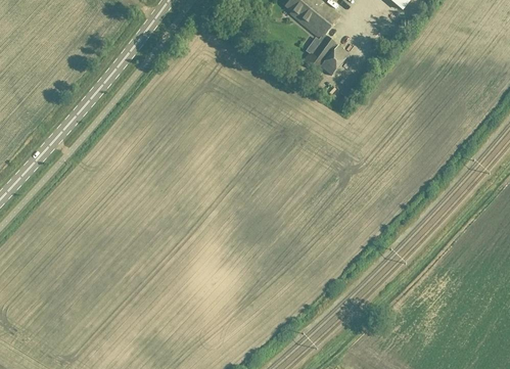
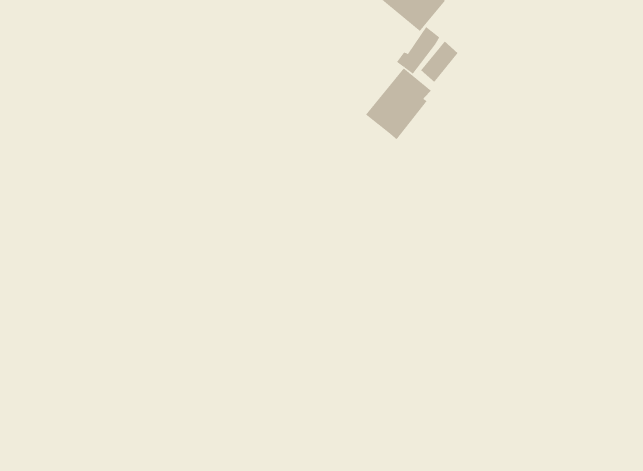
building: none -> [365,67,432,140]

